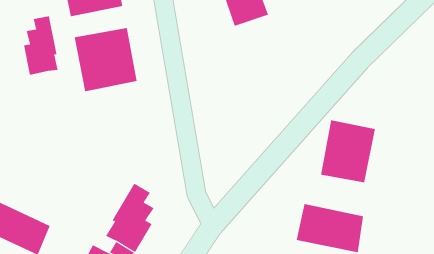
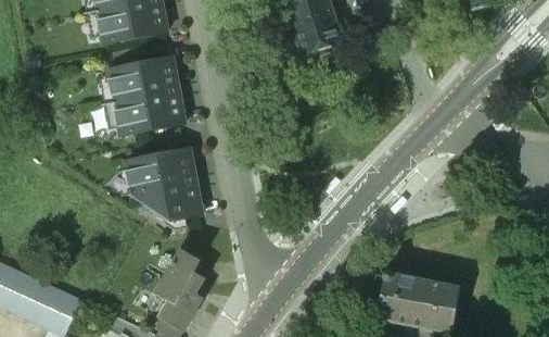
building: [23,15,58,76] -> none
building: none -> [126,149,202,221]
building: [320,120,376,183] -> none

